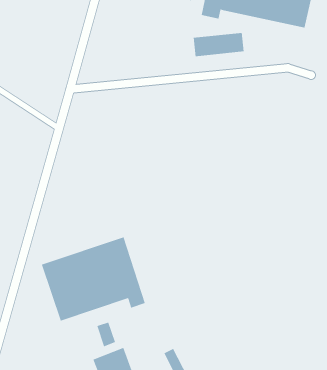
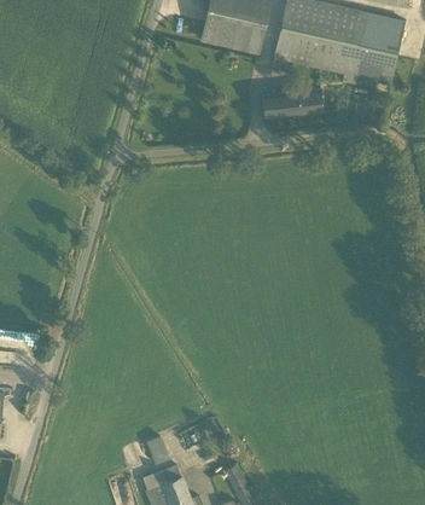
building: [41,237,146,321] -> none

